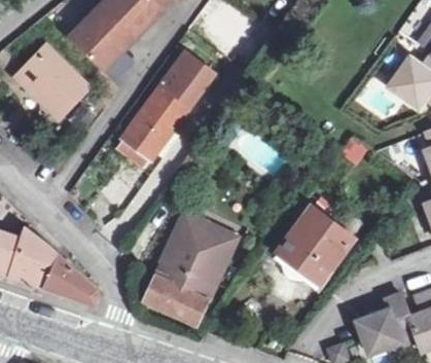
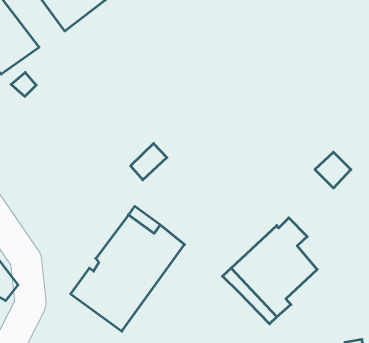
building: [120,51,212,157] -> none

